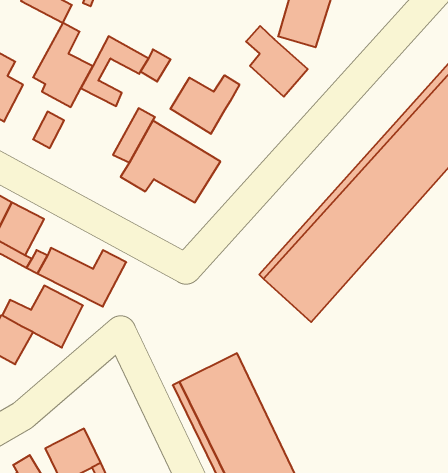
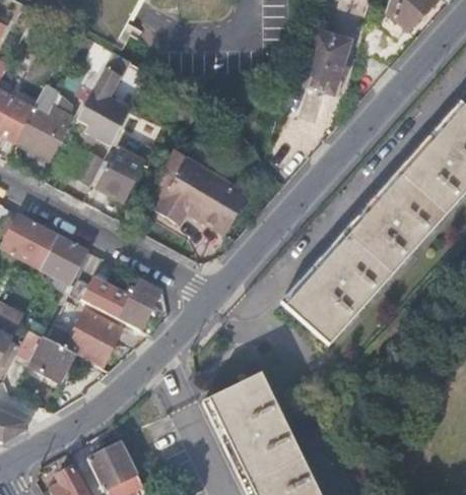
building: [246,26,308,97] -> none
building: [170,75,239,134] -> none
building: none -> [96,148,144,201]

